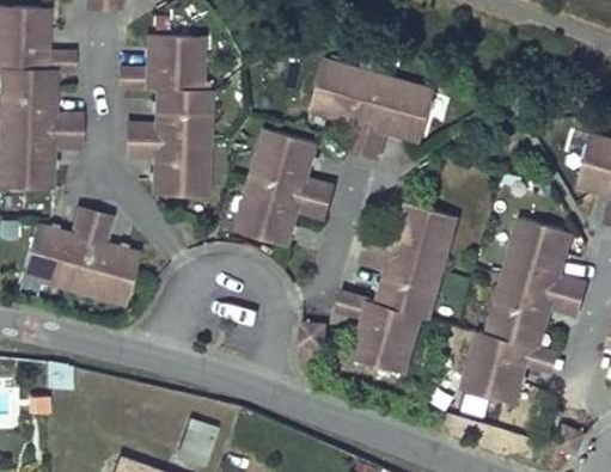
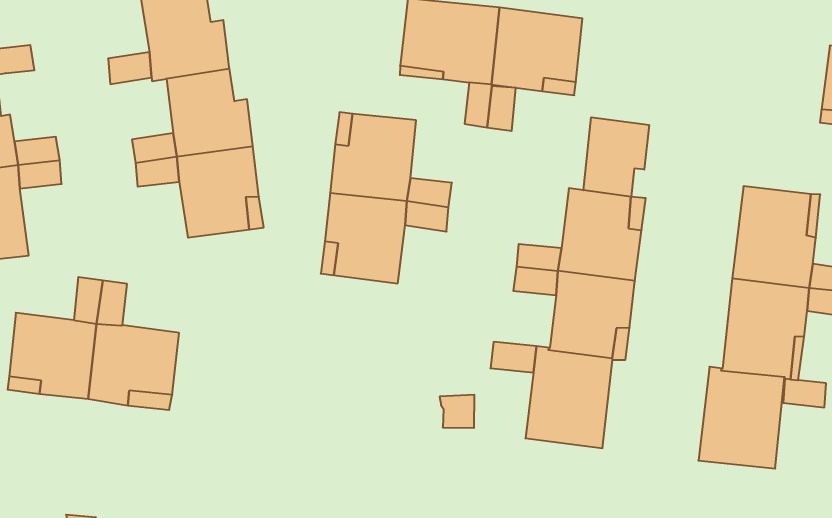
building: none -> [583,117,649,197]

